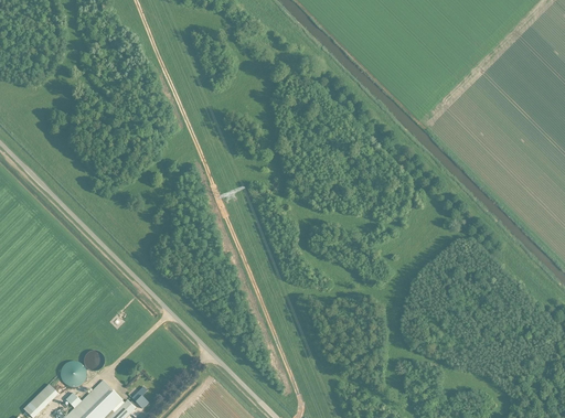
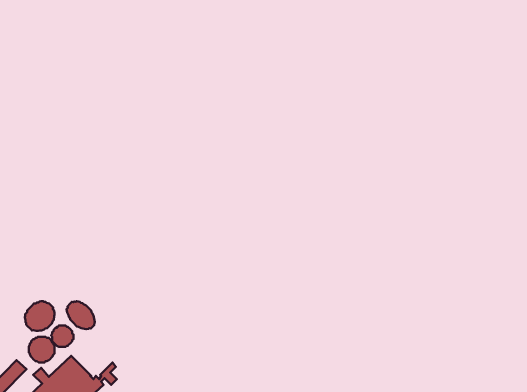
building: none -> [66,301,95,329]
building: none -> [25,301,54,331]

